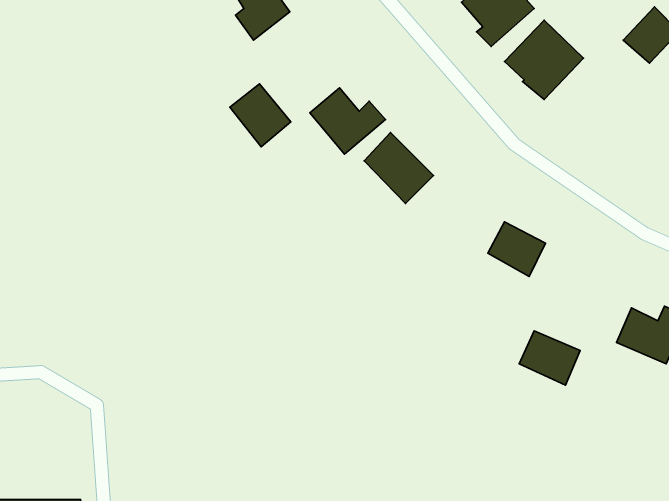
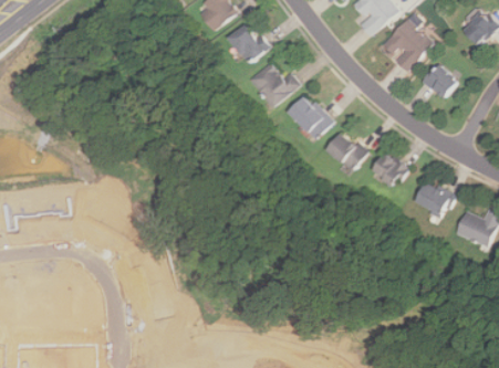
building: [230,84,291,147] -> [226,22,267,64]
building: none -> [420,63,457,99]
building: none -> [324,130,365,171]
building: [519,331,580,385] -> [412,181,453,218]

